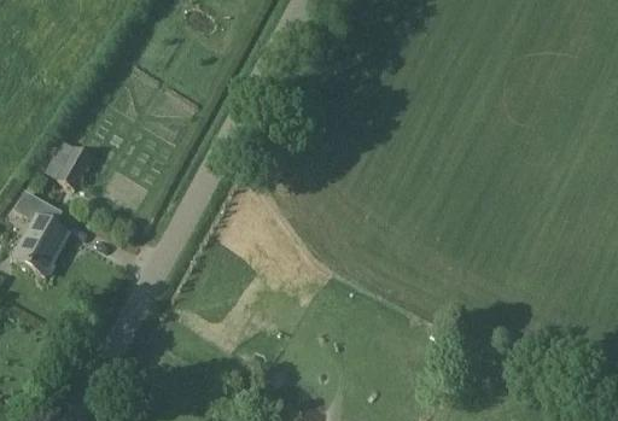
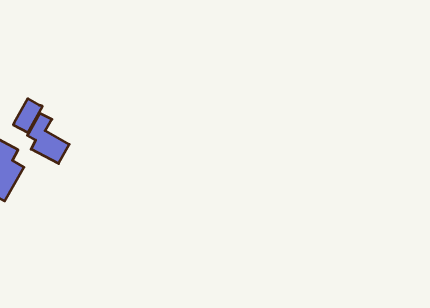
building: none -> [27,113,69,164]

